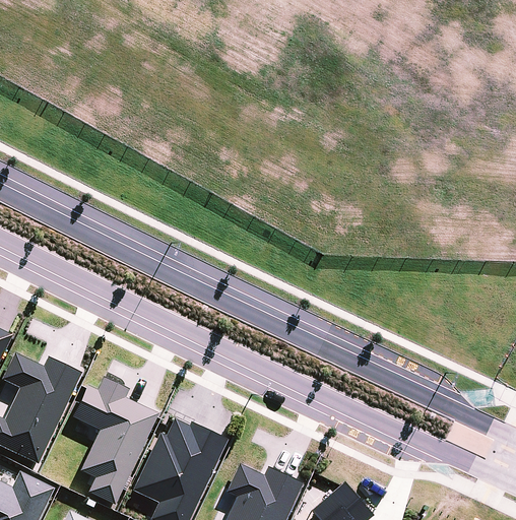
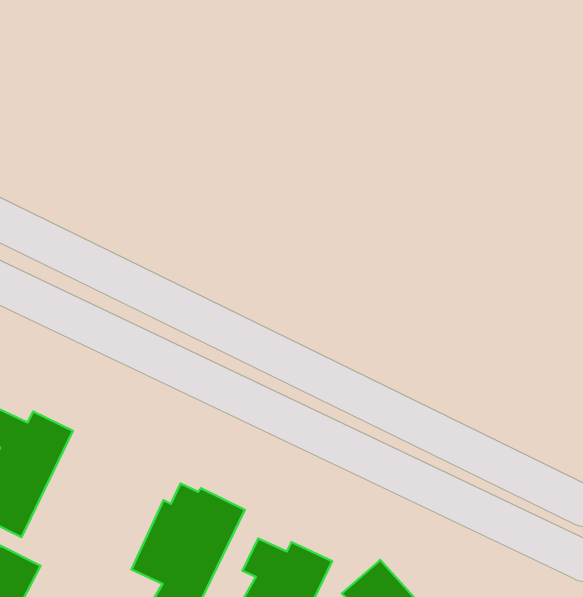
building: [72,378,158,506] -> none

